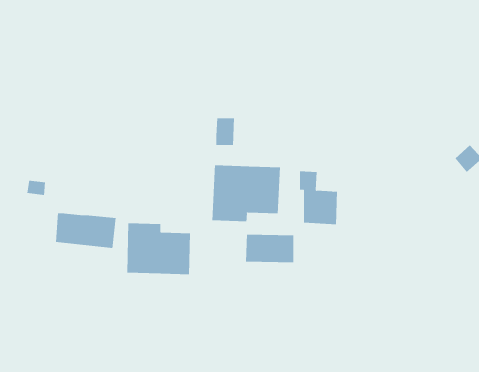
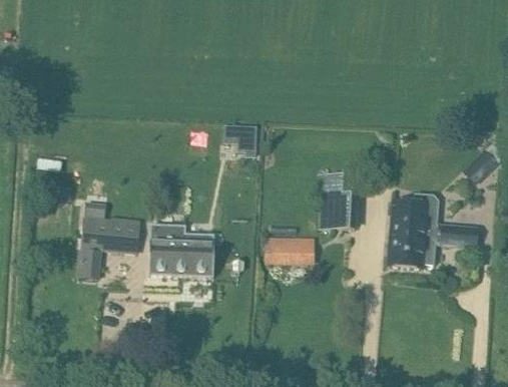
building: [212,165,280,222] -> none
building: none -> [388,194,479,268]
building: none -> [75,247,101,278]

